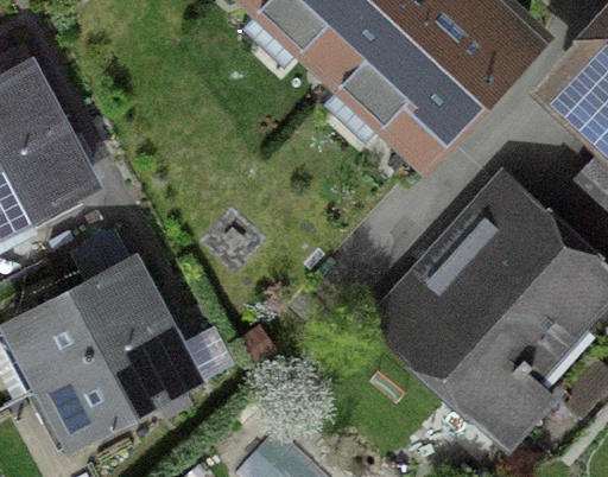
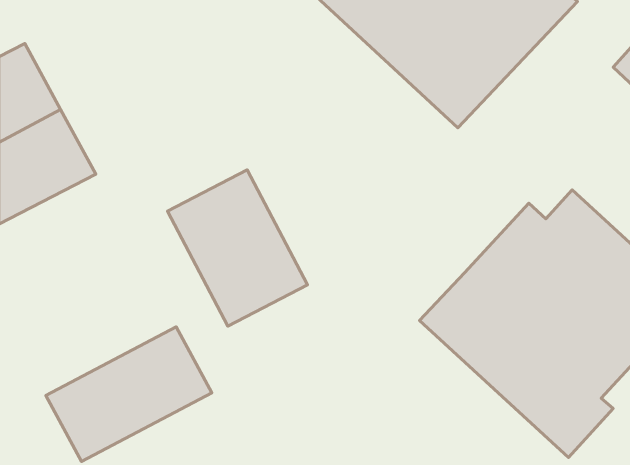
building: none -> [167,170,308,326]
building: [11,262,160,384] -> none

